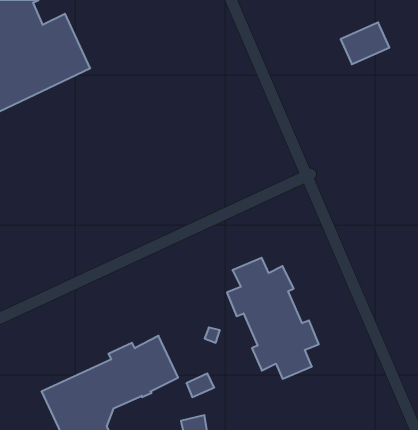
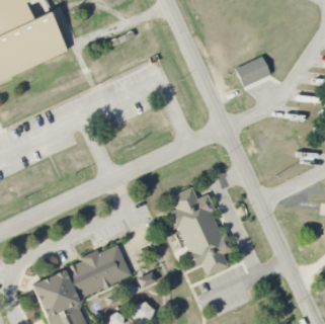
building: [341,22,389,64] -> [235,57,270,87]

